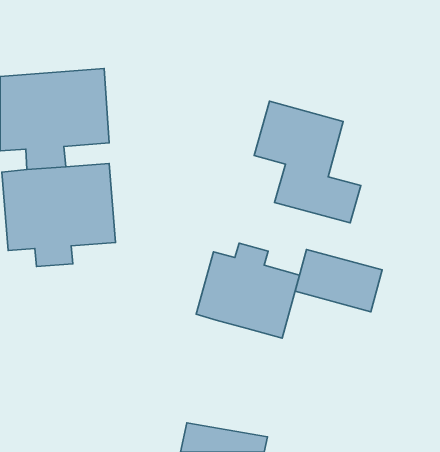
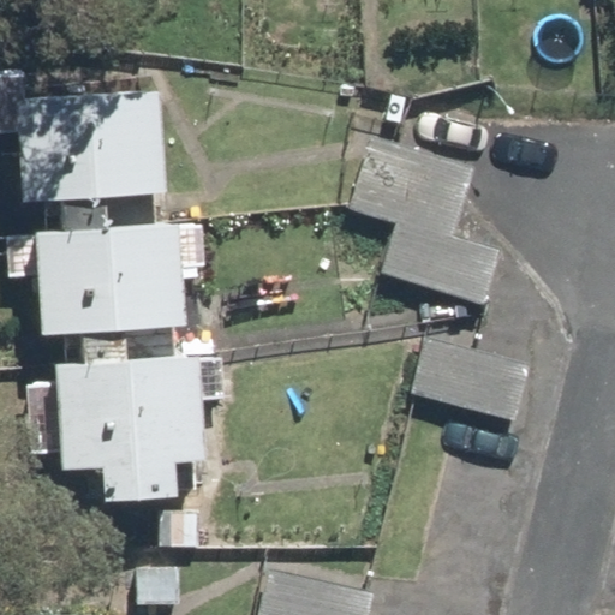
building: [196,243,300,338] -> none
building: none -> [42,352,192,504]

